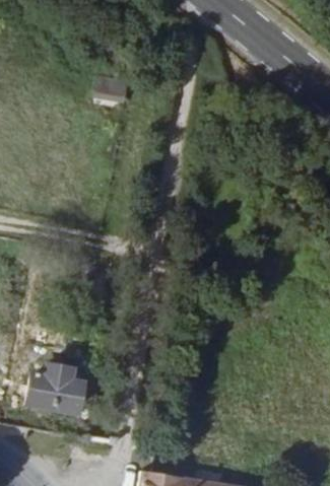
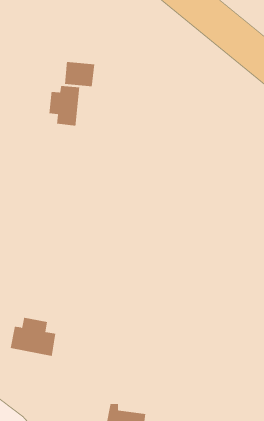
building: none -> [49,85,80,127]

